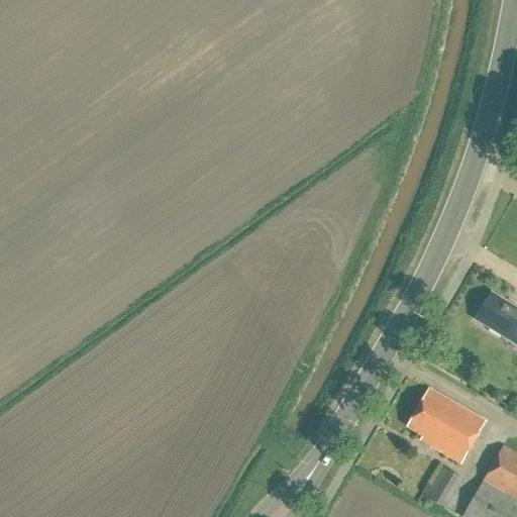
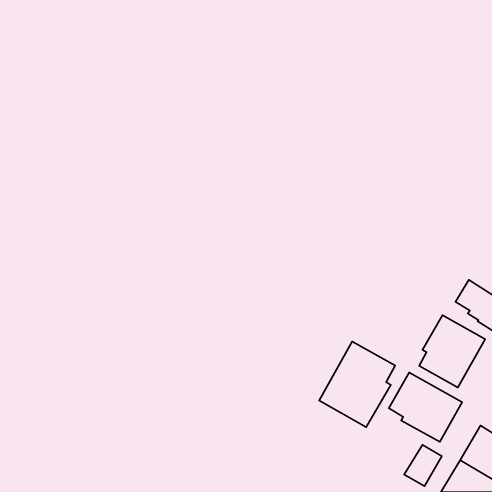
building: none -> [419,315,485,387]
building: none -> [319,342,395,427]

